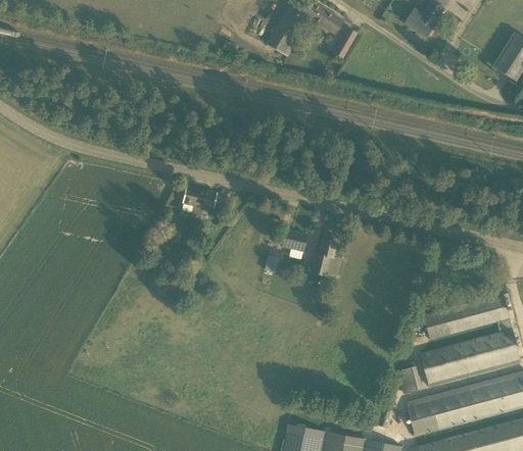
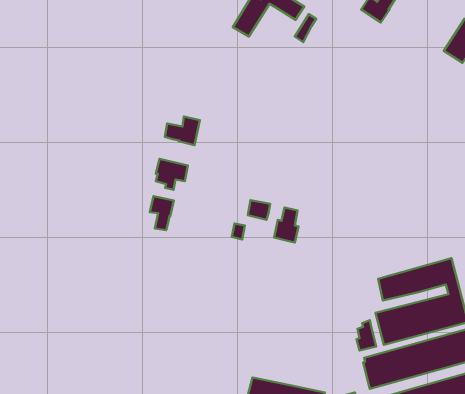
building: none -> [165,116,200,145]
building: none -> [150,196,174,230]

